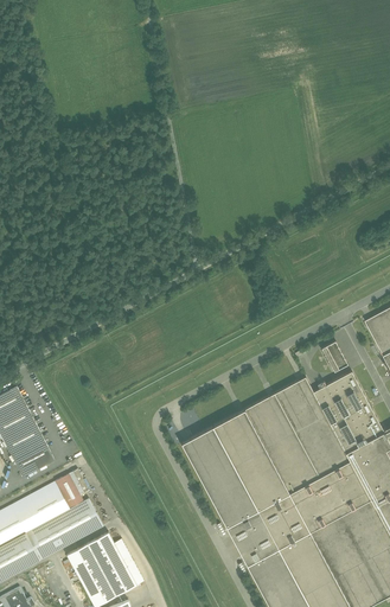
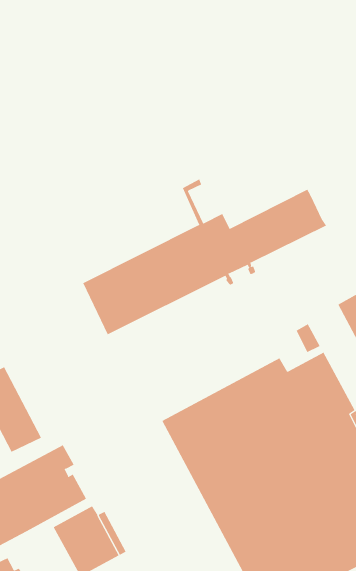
building: none -> [83,179,327,335]

